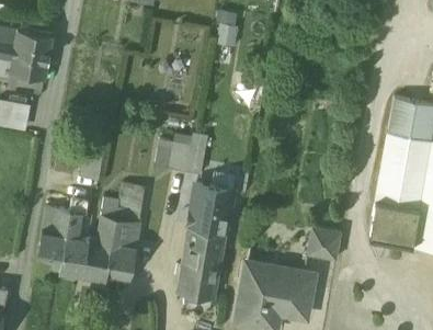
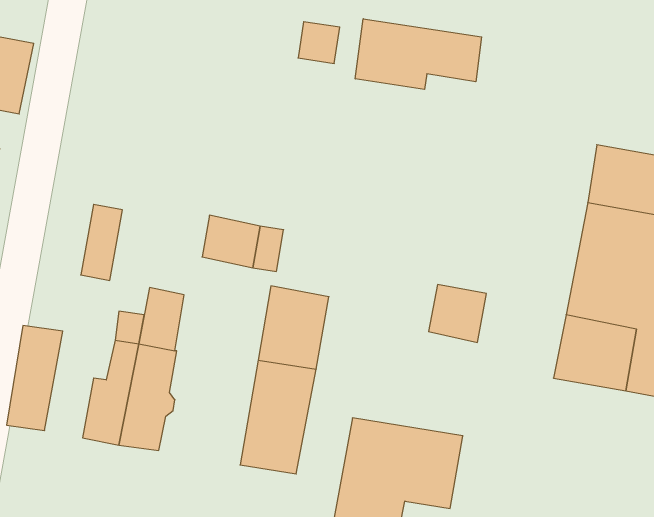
building: none -> [355,19,482,89]
building: [59,200,89,275] -> none
building: [306,227,341,262] -> [429,285,486,342]

